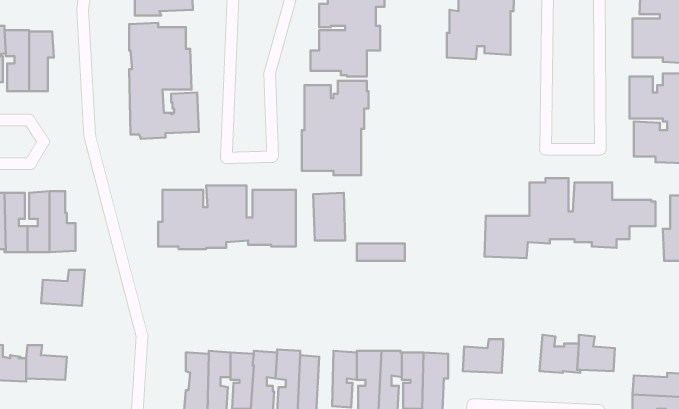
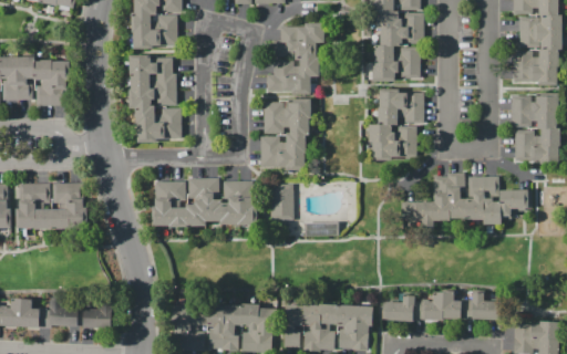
building: none -> [369,89,423,160]
building: [41,270,85,306] -> [80,301,113,329]
building: none -> [413,292,444,320]

